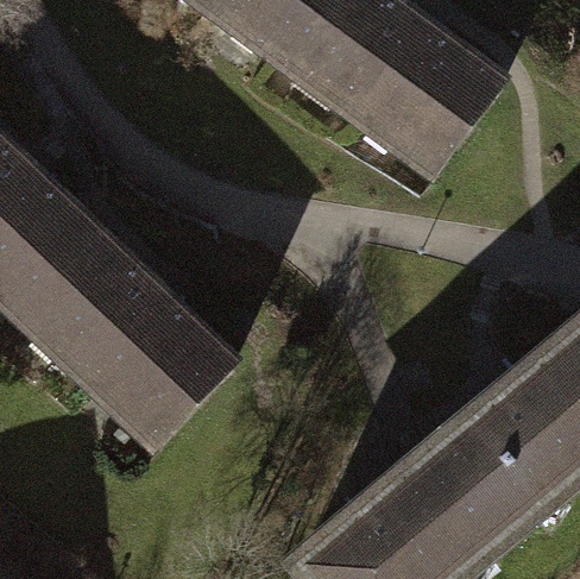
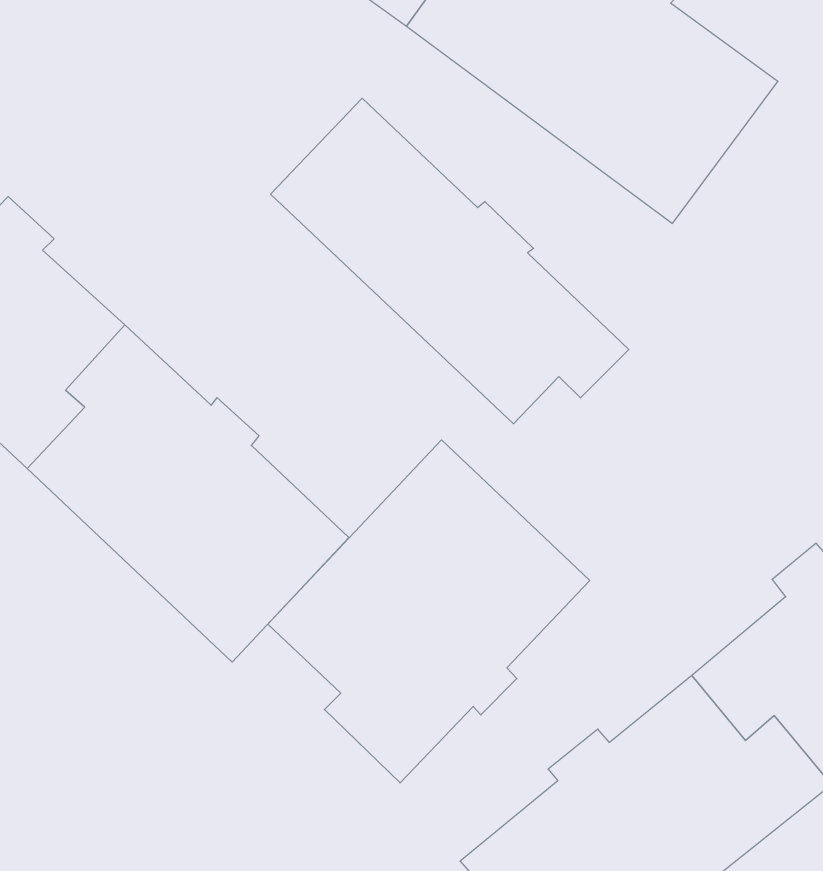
building: none -> [271,98,629,424]
building: none -> [268,440,590,783]

